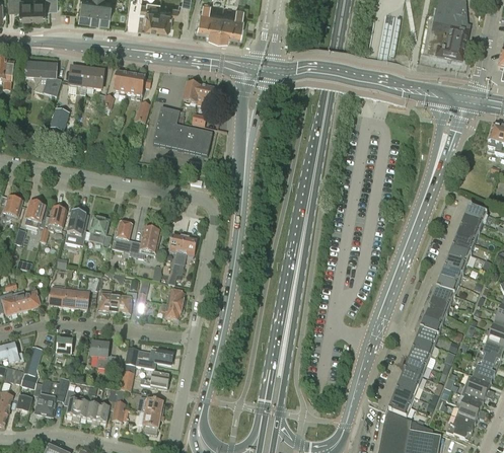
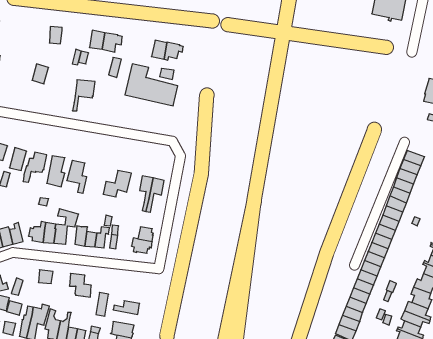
building: [18,63,61,95] -> none
building: [78,68,103,102] -> [72,80,95,111]
building: [111,220,132,256] -> none
building: [125,347,173,367] -> none

